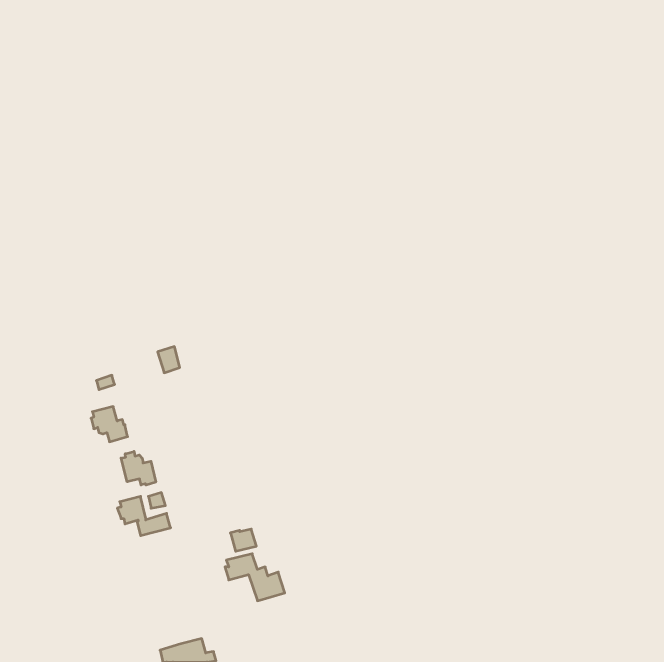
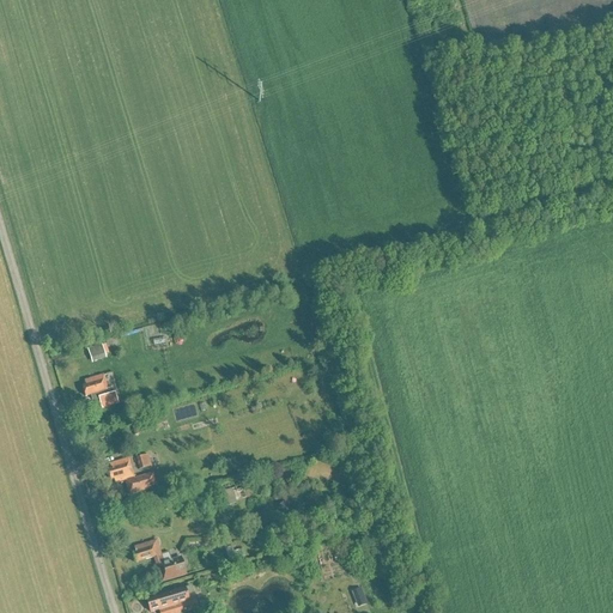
building: [121,451,156,485] -> none
building: [225,554,285,601] -> [133,538,188,581]

